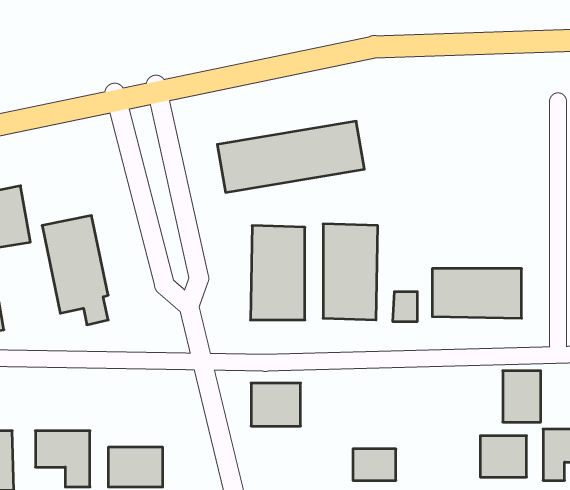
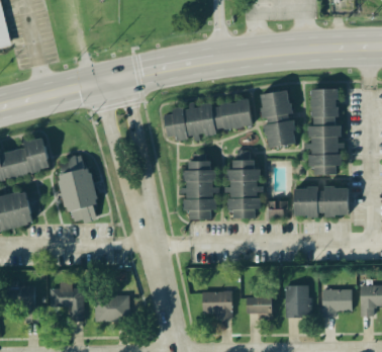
building: none -> [307,90,340,175]
building: none -> [260,91,296,148]
building: [503,371,541,422] -> [286,285,309,317]
building: [251,383,301,426] -> [201,291,231,318]

